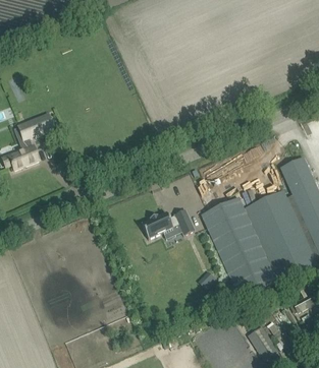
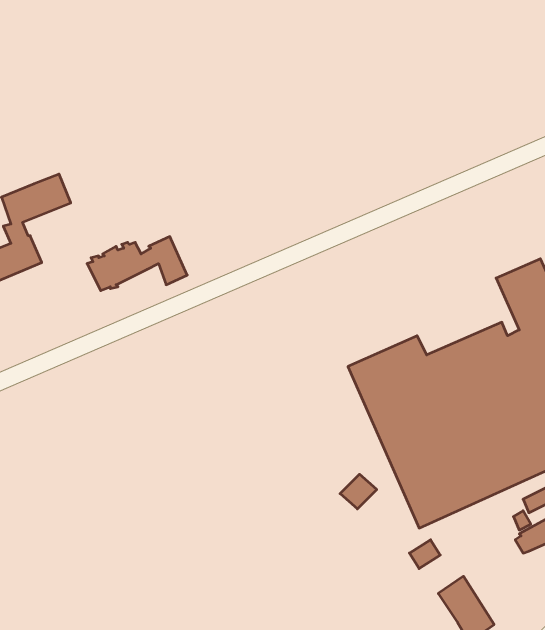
building: [141,208,194,237] -> [87,237,187,291]

